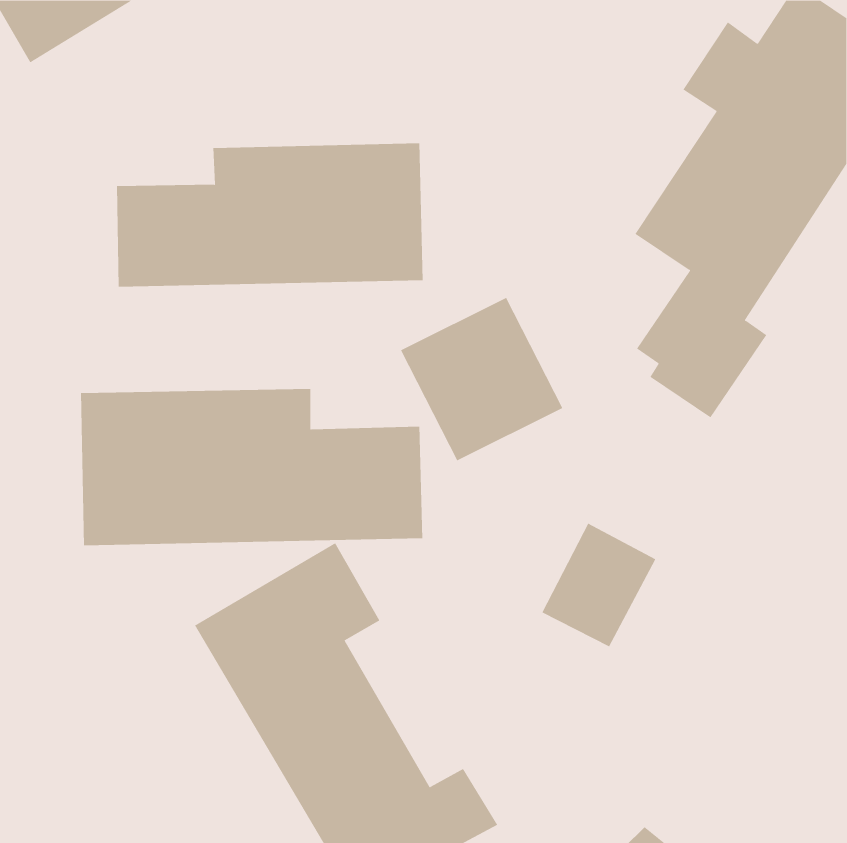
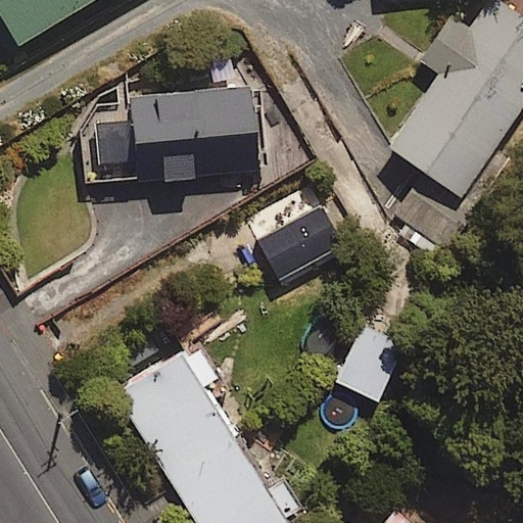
building: [80,388,423,546] -> none

